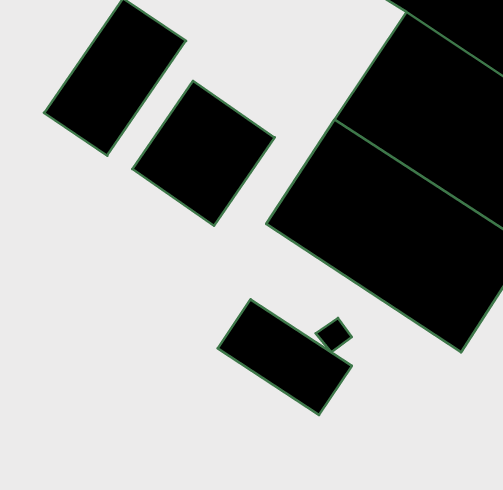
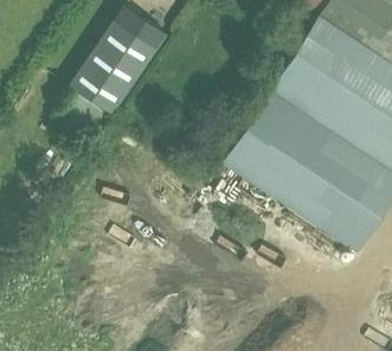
building: [132,81,275,226] -> none
building: [218,299,352,415] -> none

